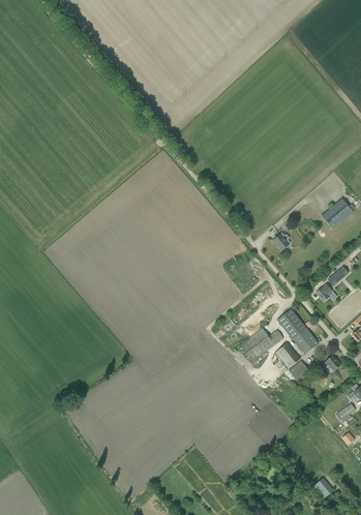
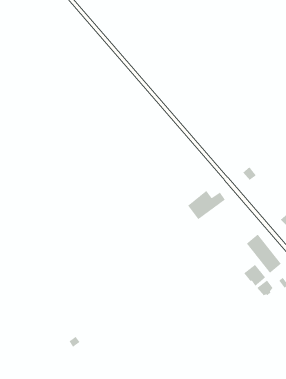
building: [241,327,284,361] -> [187,190,226,220]

